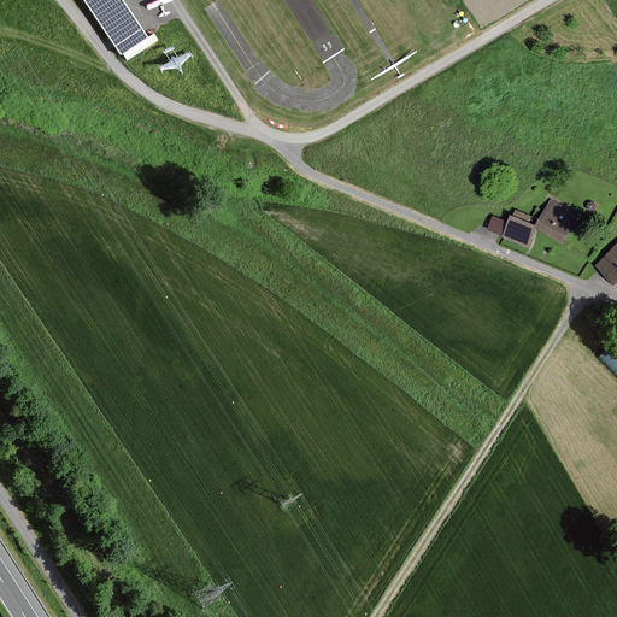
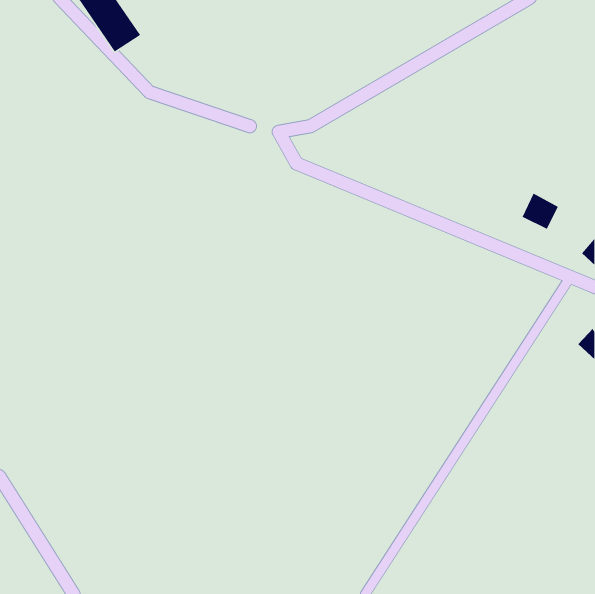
building: [505,213,537,243] -> none

